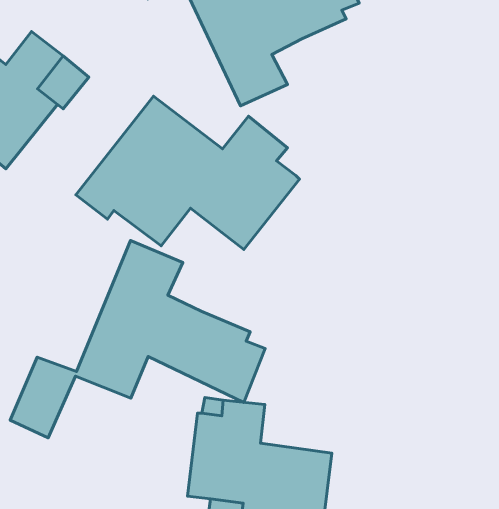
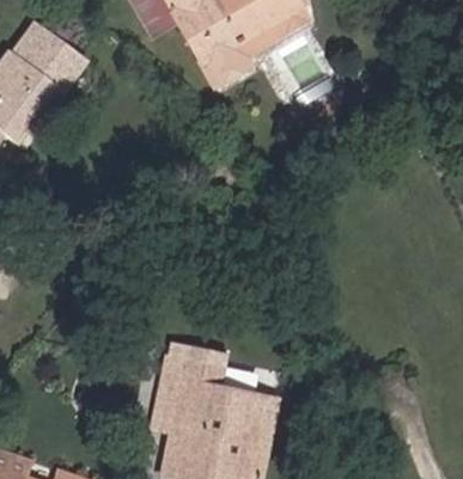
building: [76,96,299,249] -> none
building: [10,241,265,438] -> none

